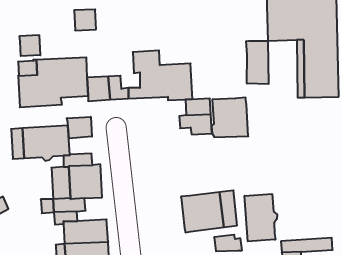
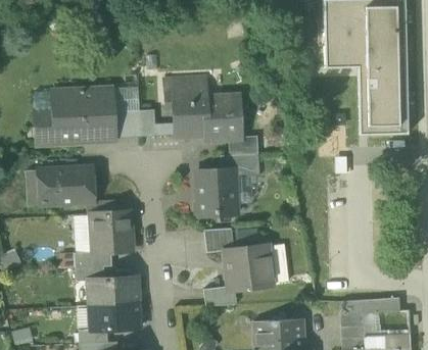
building: [74,9,96,30] -> [113,86,139,110]
building: [20,35,40,56] -> none
building: [246,41,268,84] -> none
building: [211,98,248,137] -> [195,168,238,214]
building: [67,117,92,139] -> none
building: none -> [204,229,234,252]
building: [245,194,277,241] -> none
building: [214,235,242,251] -> [204,286,237,305]

